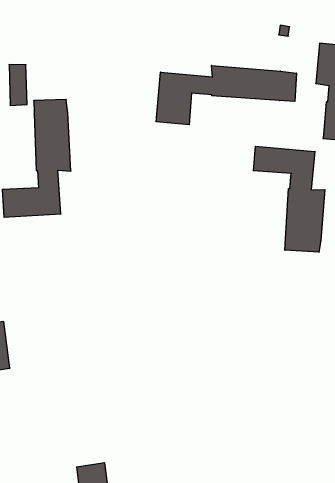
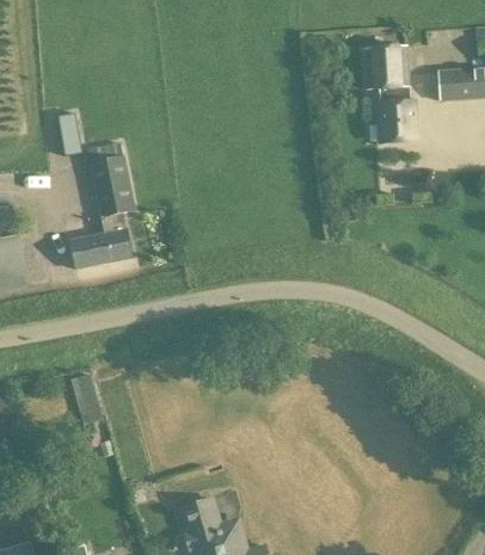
building: [156,65,296,125] -> none
building: [253,146,325,252] -> none

